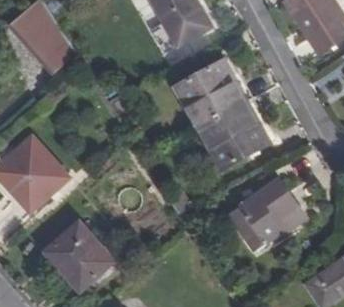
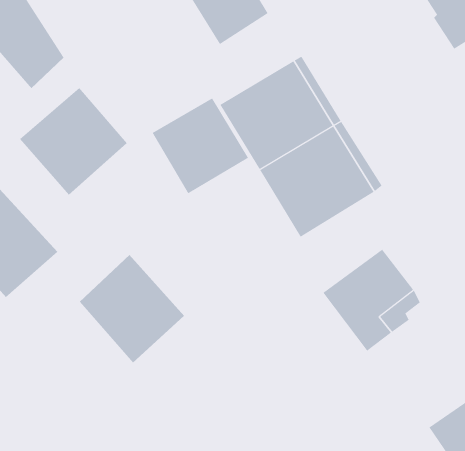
building: none -> [19,87,128,195]
building: none -> [152,97,249,194]
building: [45,223,112,292] -> [79,254,185,363]

